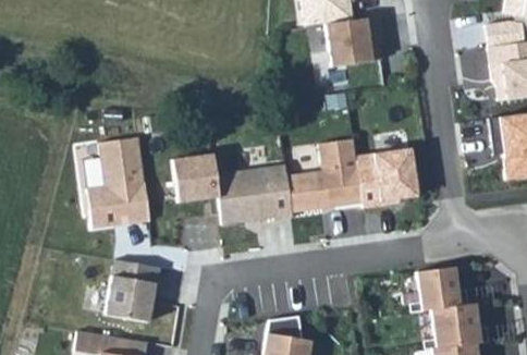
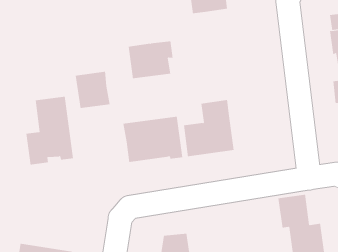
building: [323,20,383,70] -> [128,41,174,79]
building: [172,154,219,203] -> [75,71,111,109]
building: [355,154,415,210] -> none
building: [107,259,162,321] -> none

